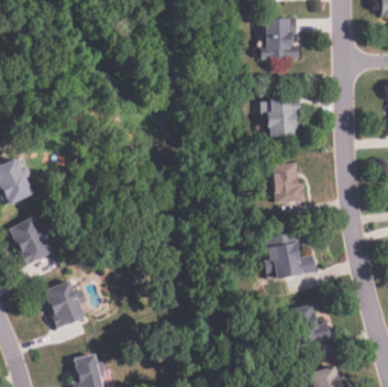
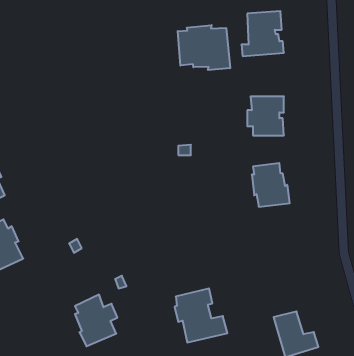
building: none -> [178,25,230,70]
building: [266,229,317,280] -> [175,288,227,343]
building: [46,279,87,329] -> [75,295,117,346]

